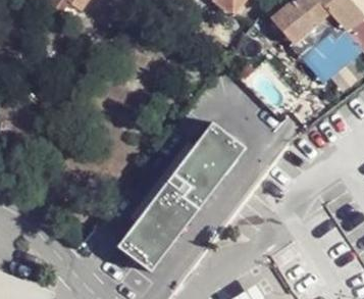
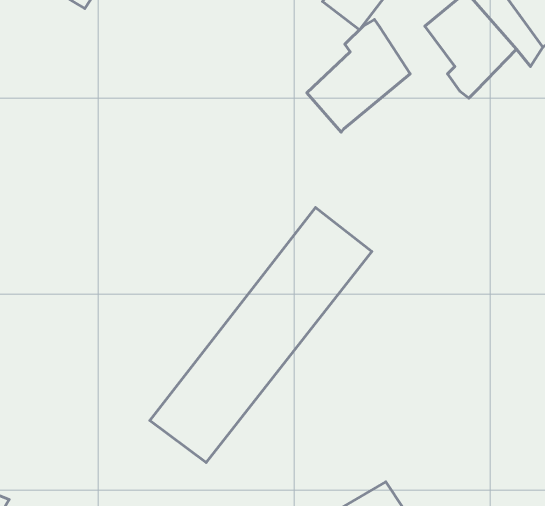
building: none -> [307,19,410,132]

